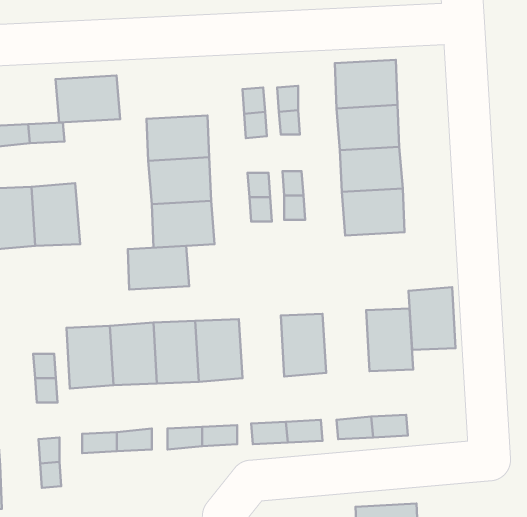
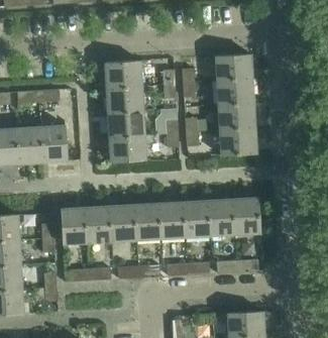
building: [56,76,120,123] -> [104,61,141,88]
building: [128,246,189,289] -> none
building: [409,287,456,350] -> [208,199,235,235]
building: none -> [159,202,186,238]

